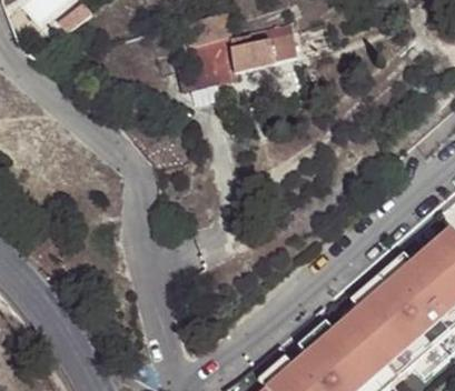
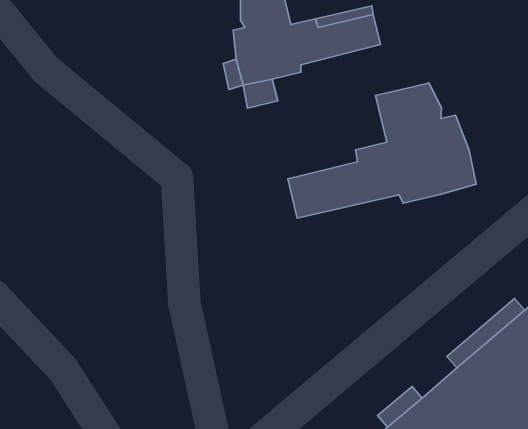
building: none -> [288,83,476,218]

